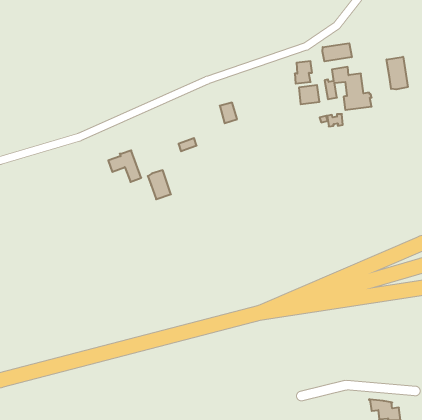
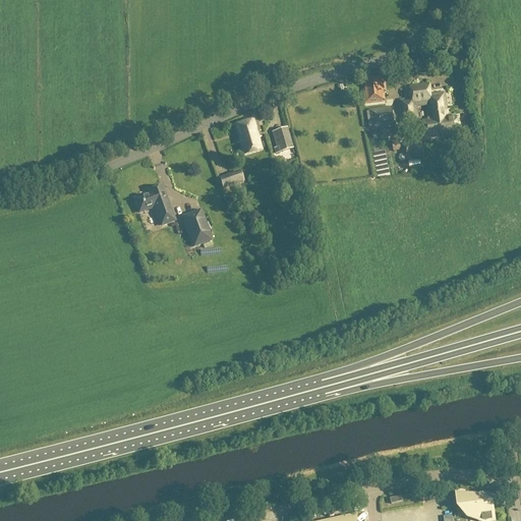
building: [322,43,352,61] -> none
building: [387,57,408,89] -> none
building: none -> [231,117,262,155]

